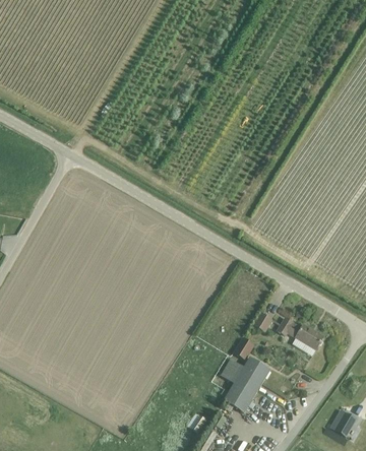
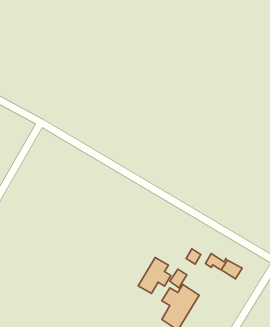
building: none -> [138,258,171,293]

